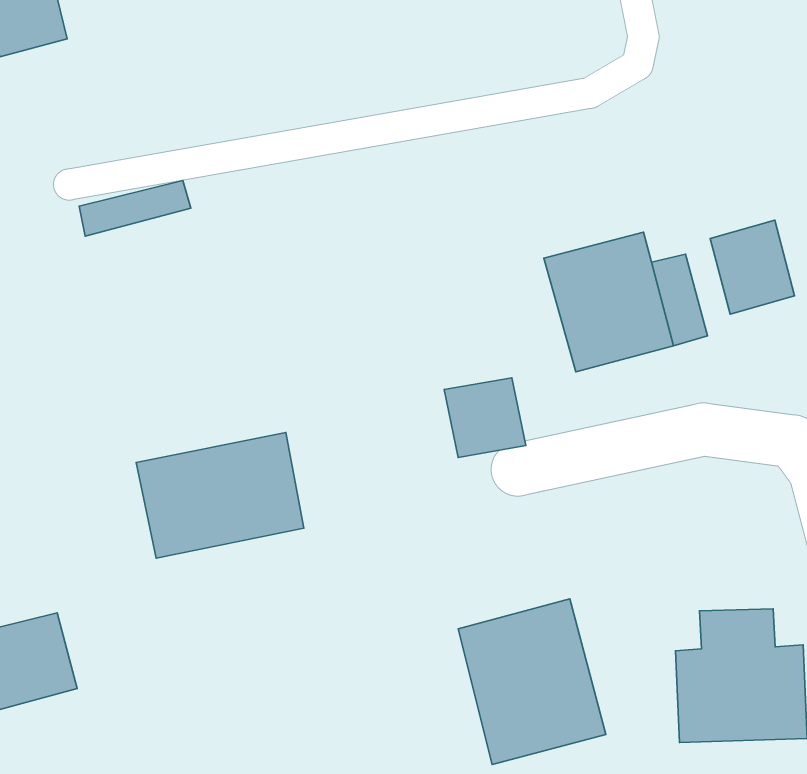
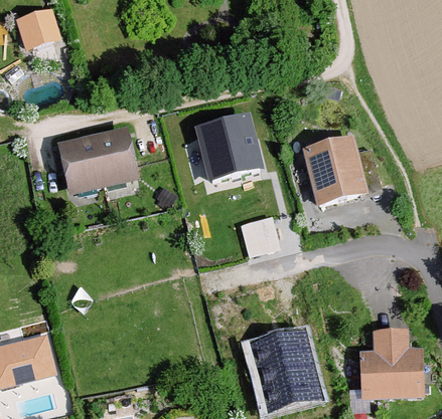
building: none -> [193,109,266,186]
building: [710,220,795,314] -> none
building: [136,433,304,558] -> [46,134,131,197]

